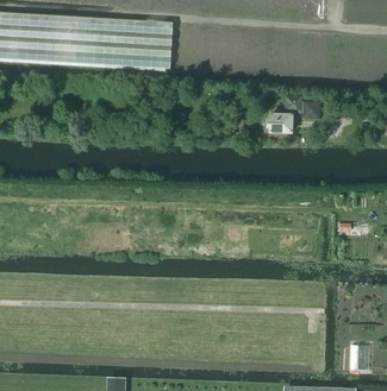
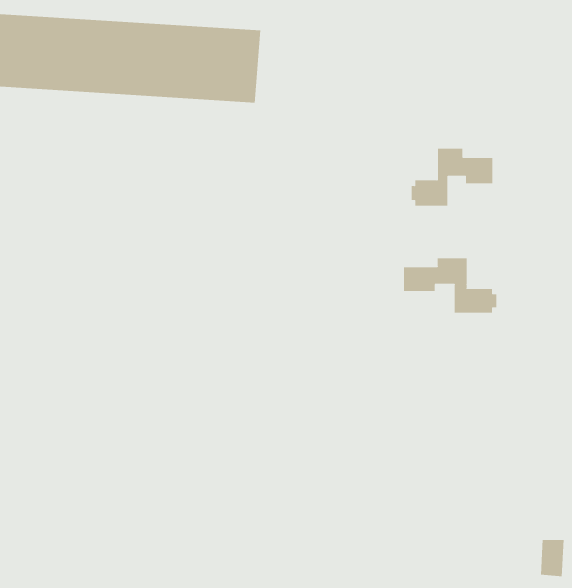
building: none -> [403,257,497,314]

